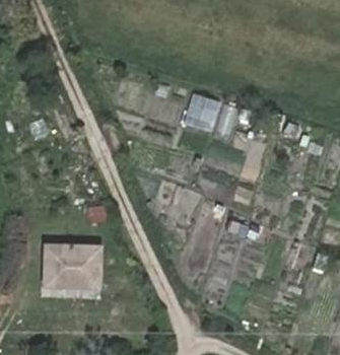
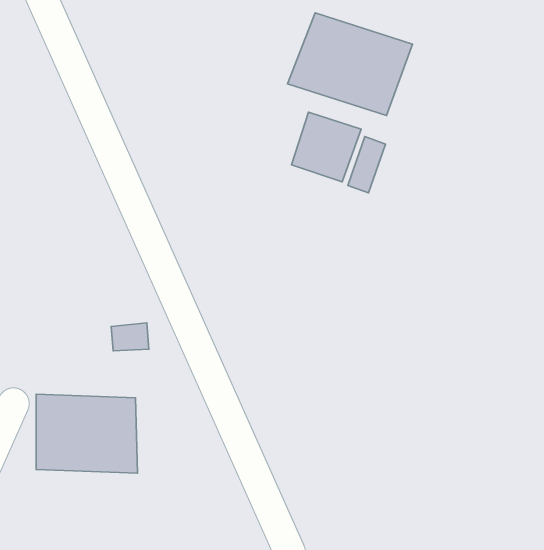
building: none -> [287,13,413,116]

